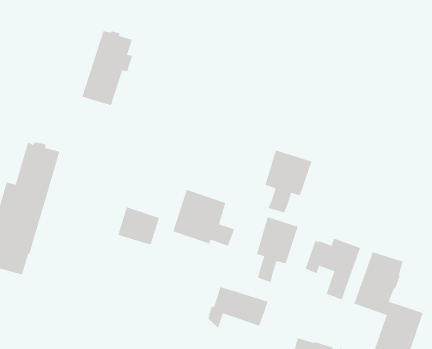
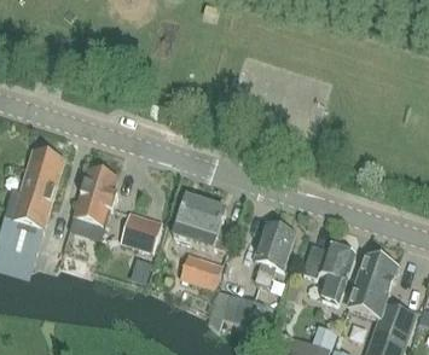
building: [82,31,133,106] -> [68,167,117,239]
building: [265,149,312,213] -> none
building: none -> [180,252,222,286]

